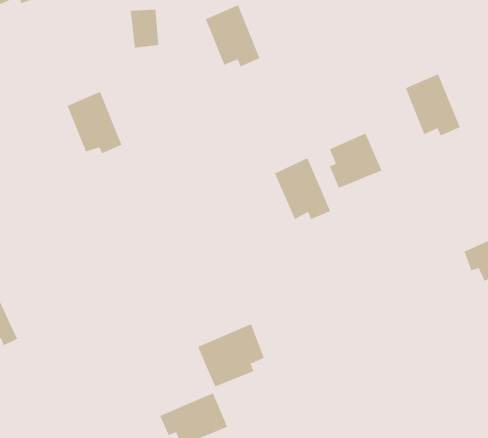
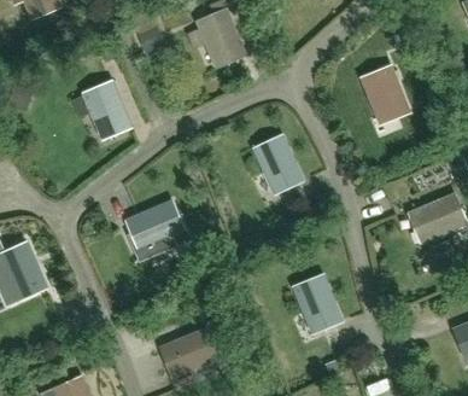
building: [329,132,382,189] -> none
building: [197,323,265,388] -> [127,202,182,255]
building: none -> [294,276,340,328]

